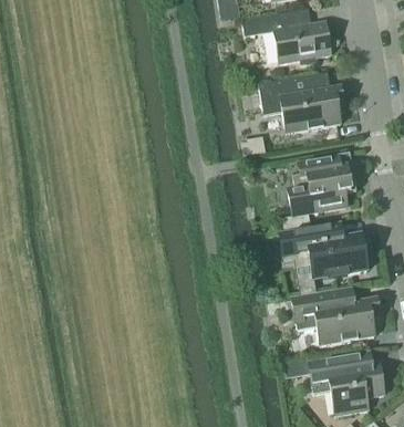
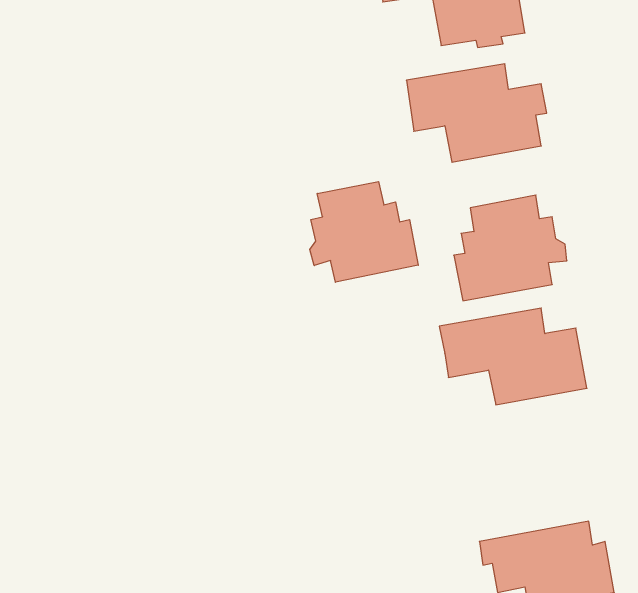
building: none -> [310,182,418,282]
building: [291,285,381,345] -> none

